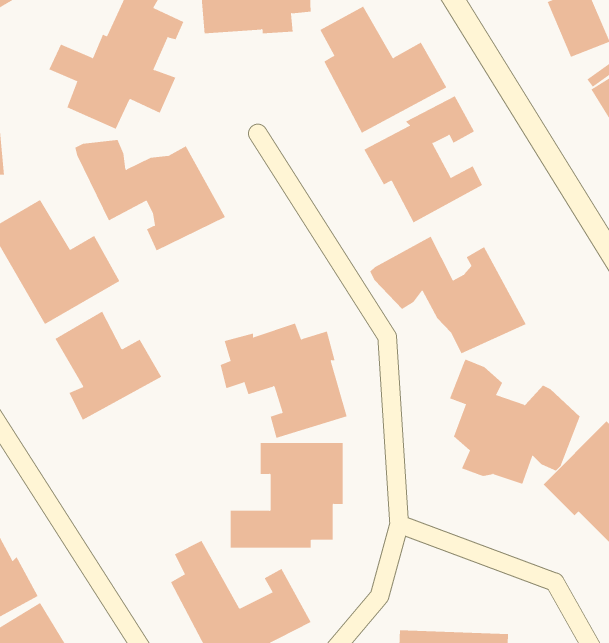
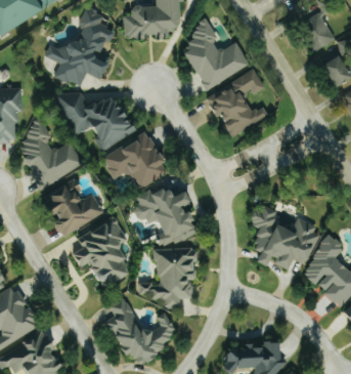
building: none -> [100,132,168,189]
building: [369,236,527,354] -> none
building: none -> [71,219,131,286]

